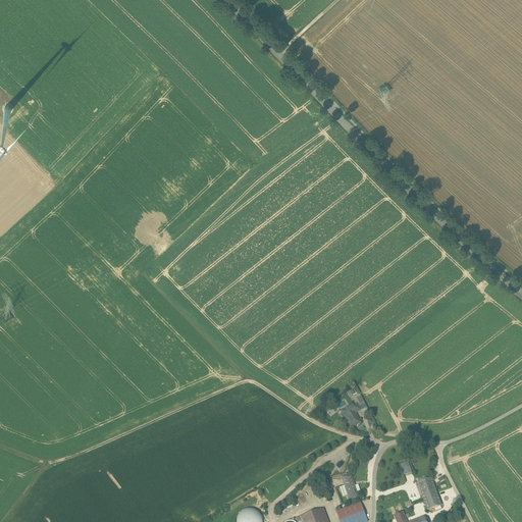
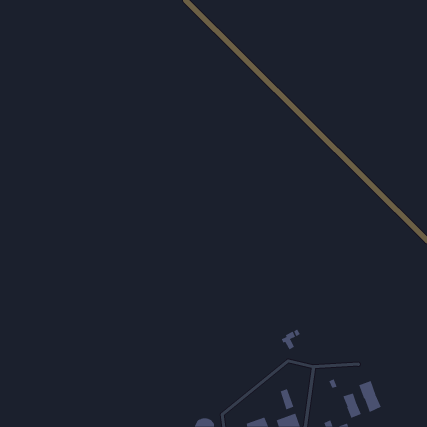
building: none -> [358,380,381,413]

